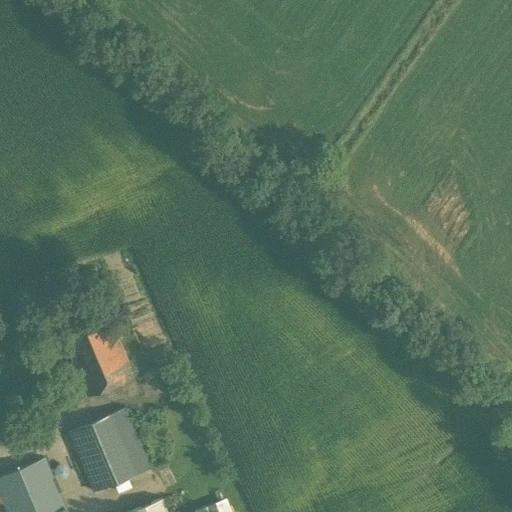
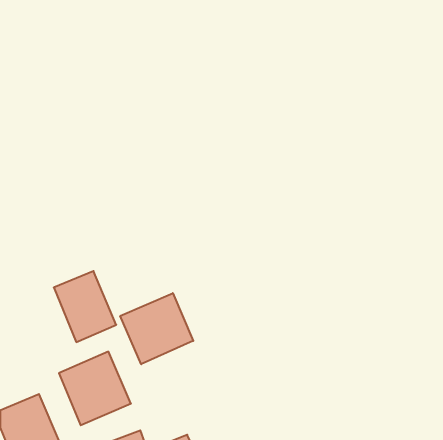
building: none -> [120,293,193,364]

